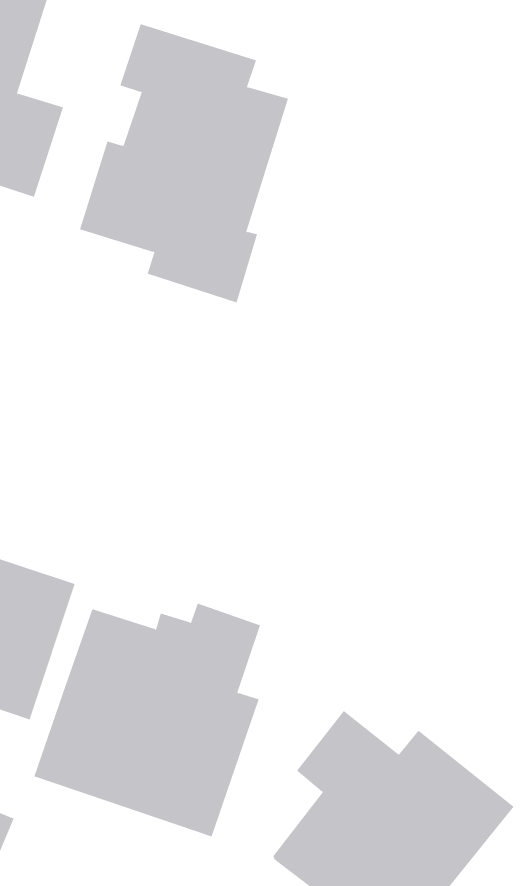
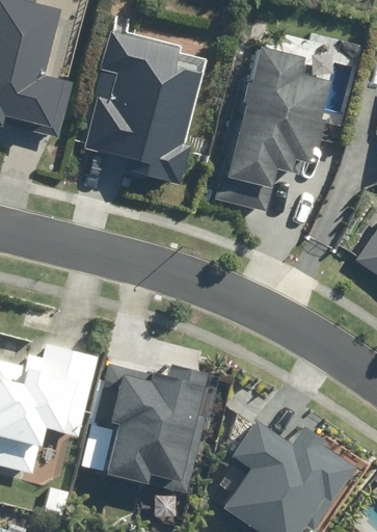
building: none -> [225,47,328,191]

